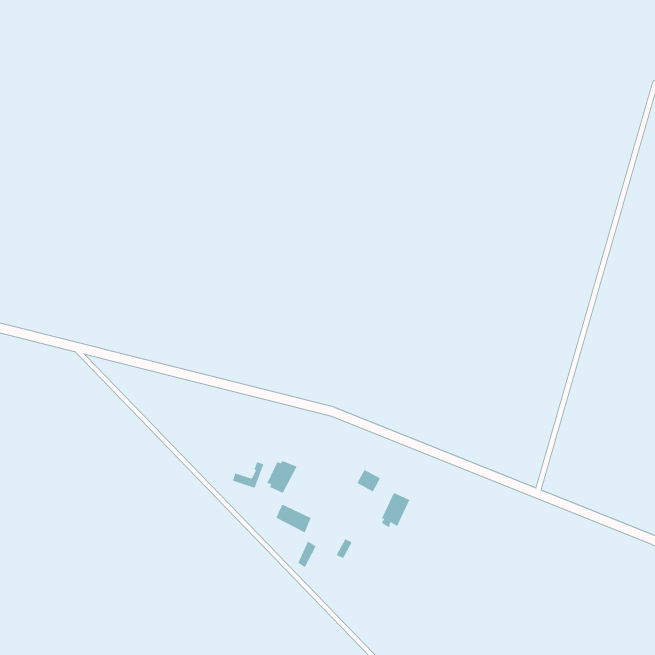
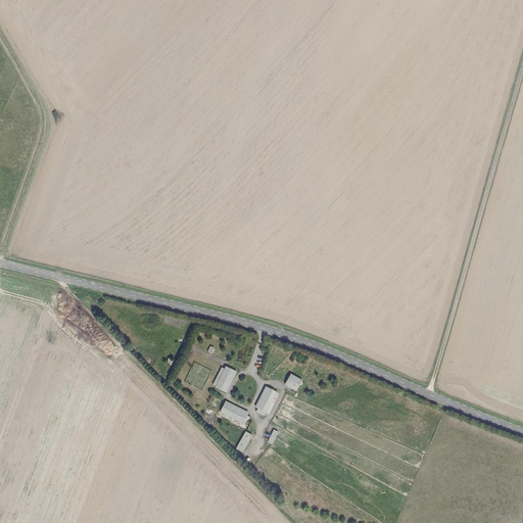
building: [381,492,410,528] -> [255,386,279,415]

